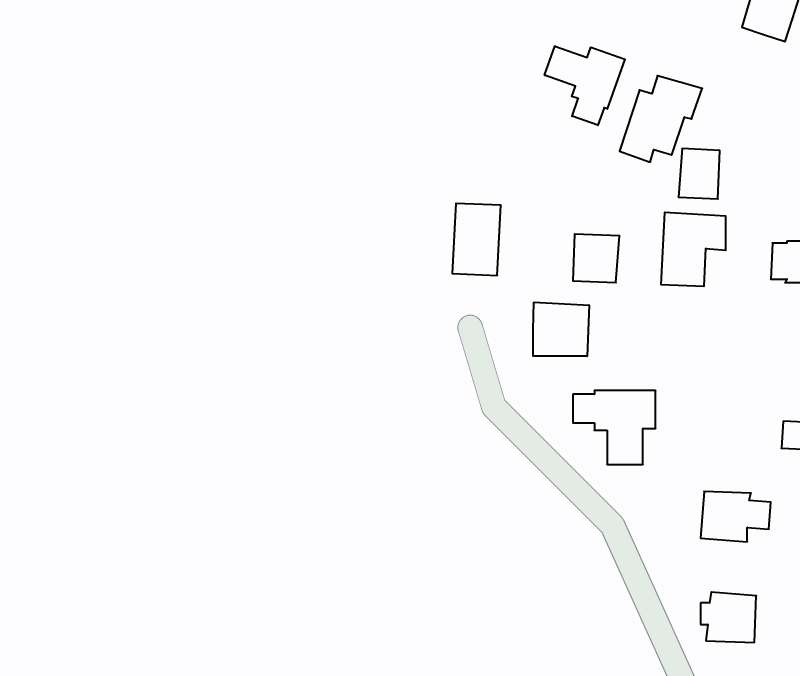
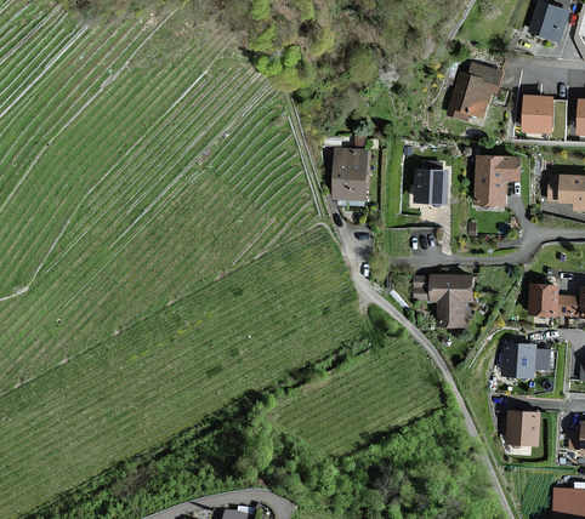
building: [545,46,625,125] -> none
building: [678,149,720,199] -> [523,98,551,132]
building: [533,302,589,356] -> none
building: none -> [530,285,558,315]

